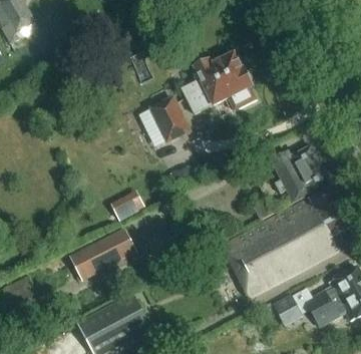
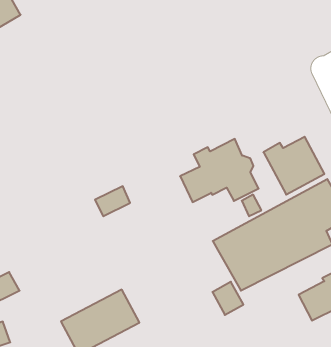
building: [182,52,258,113] -> [180,139,259,202]
building: [149,95,189,140] -> none
building: [69,228,134,281] -> none
building: [273,296,303,328] -> [212,282,243,315]

